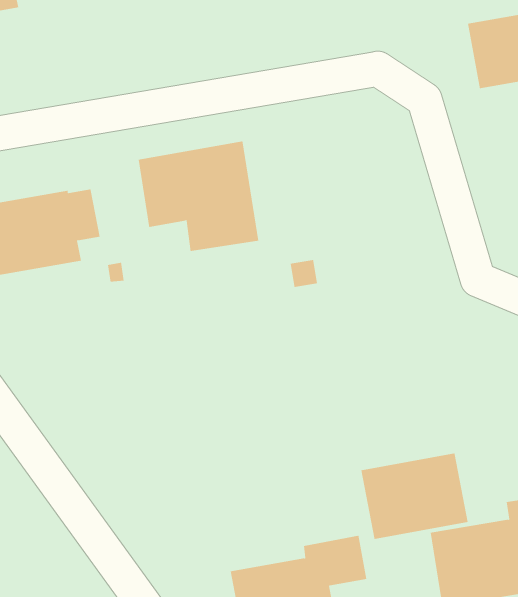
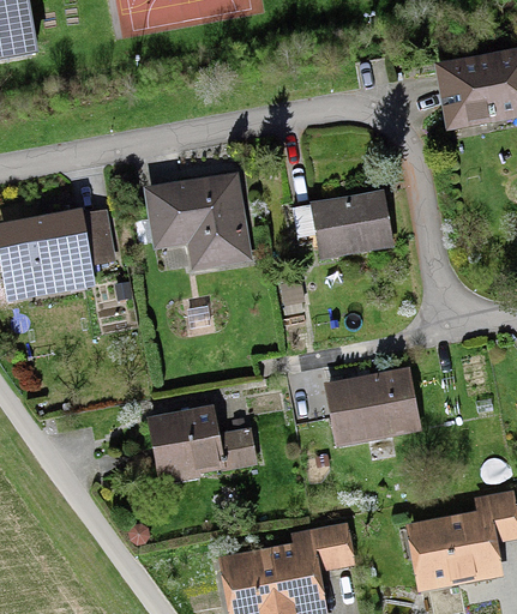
building: none -> [293,189,395,259]
building: none -> [148,404,258,482]
building: [361,453,469,539] -> [324,367,421,445]

